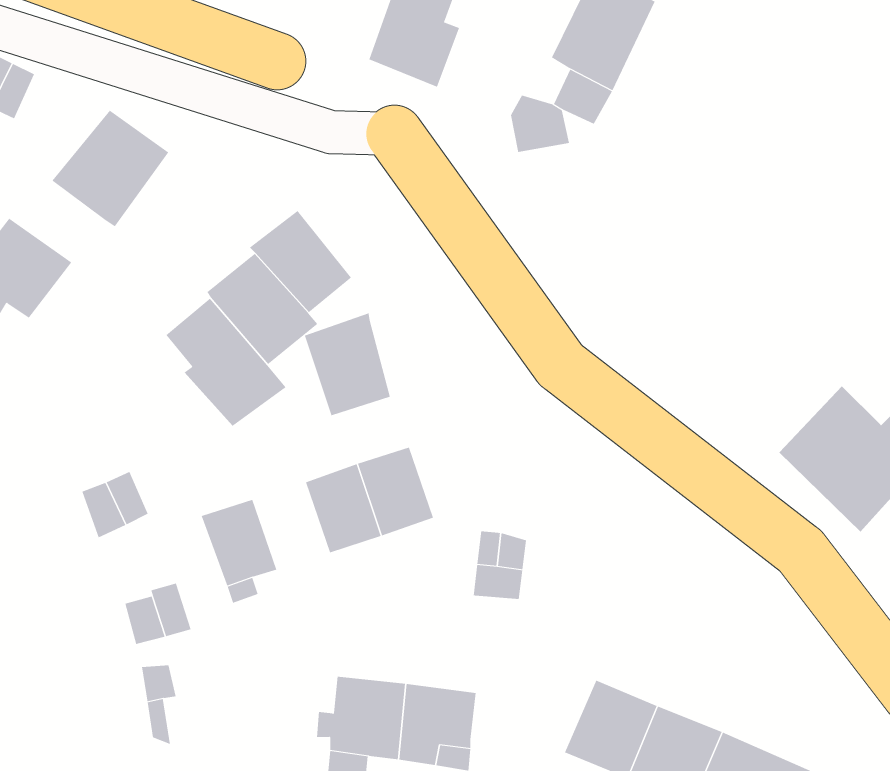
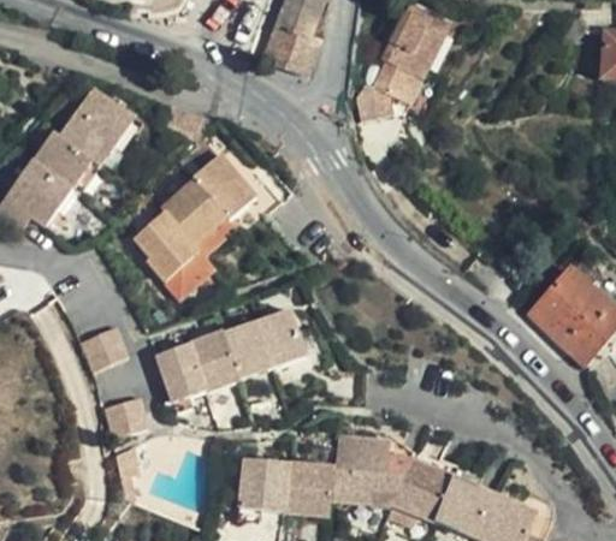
building: none -> [32,132,94,190]
building: [304,312,391,416] -> none
building: none -> [190,332,239,388]
building: none -> [331,433,415,506]

